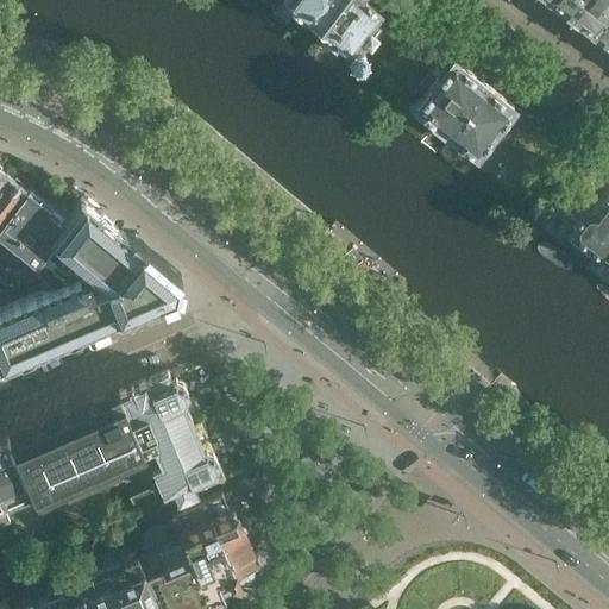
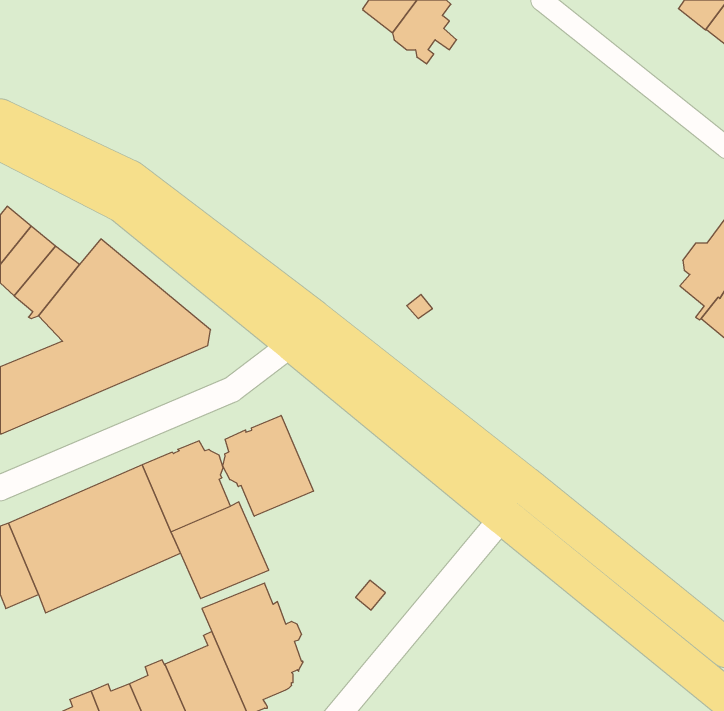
building: [417,68,515,162] -> none
building: none -> [223,415,313,516]

